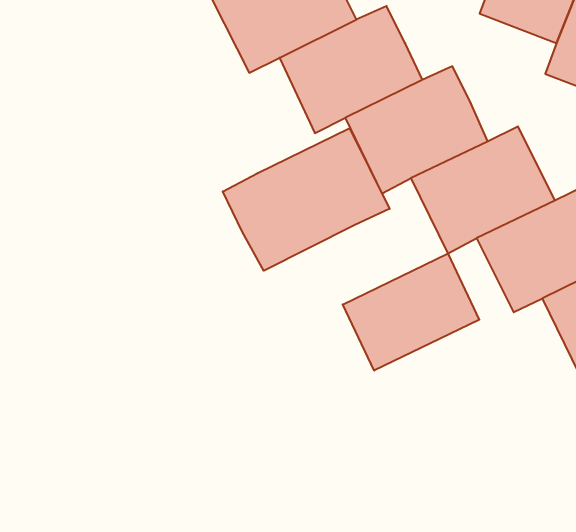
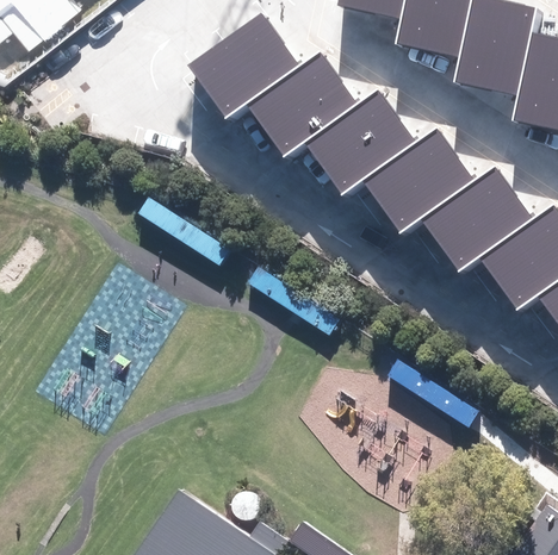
building: [223,128,390,271] -> none
building: [343,254,479,371] -> none

